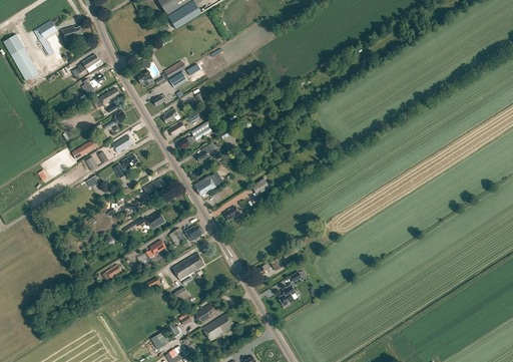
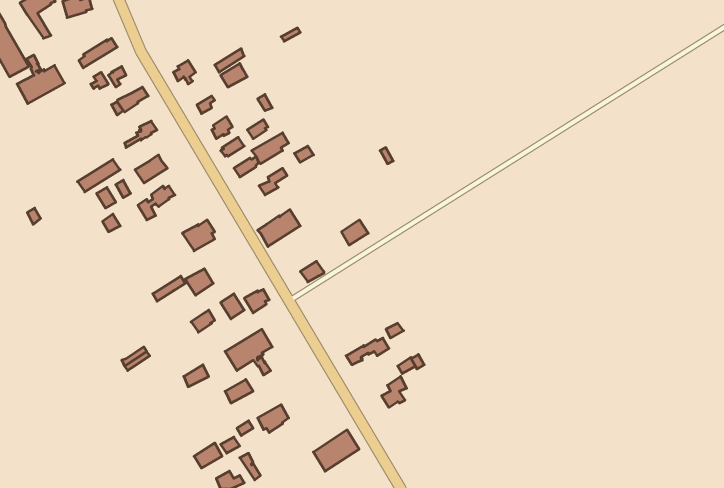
building: none -> [17,55,65,104]
building: [202,312,233,340] -> [313,430,359,471]

